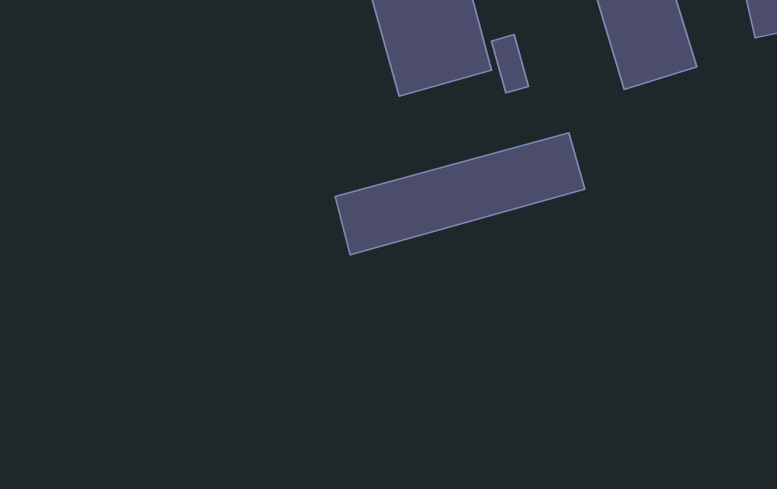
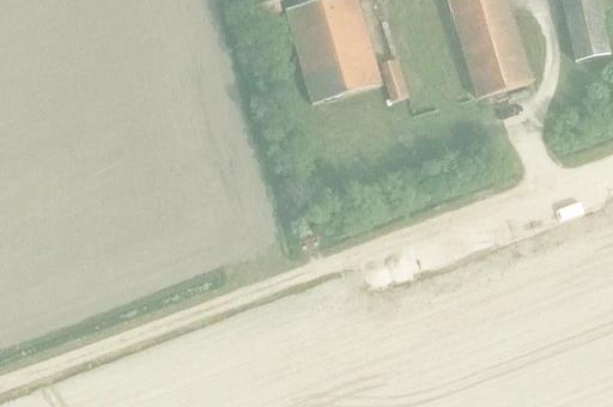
building: [335,133,585,255] -> none

